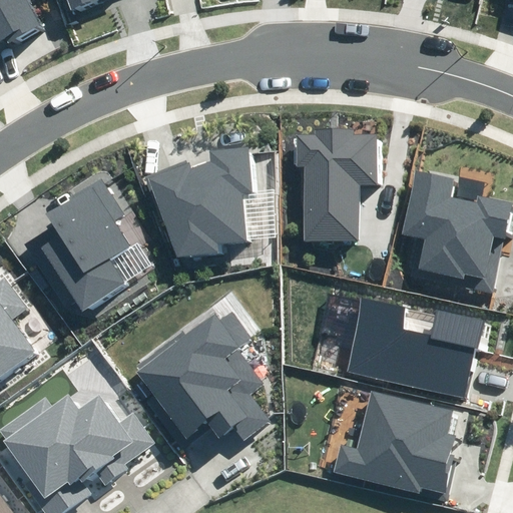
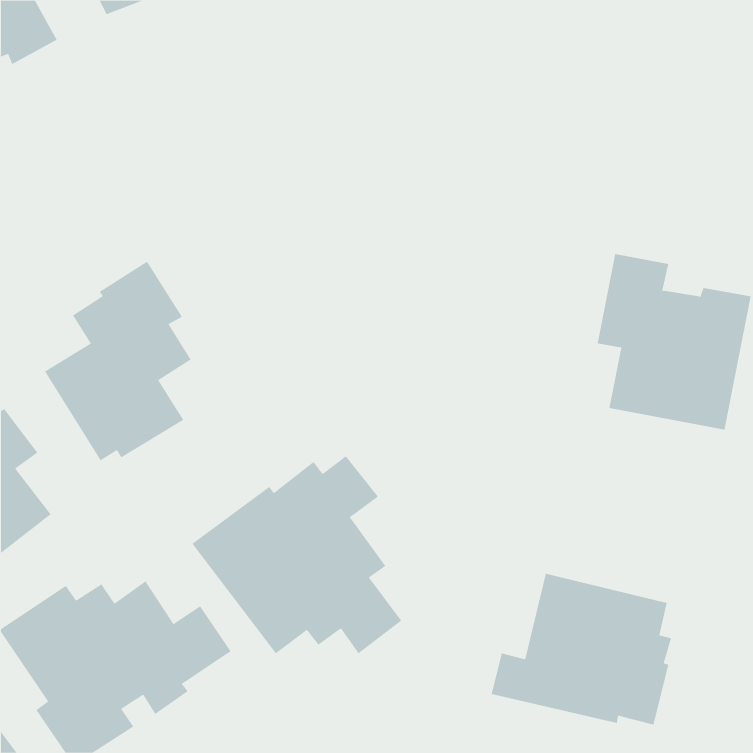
building: [297,128,378,241] -> none
building: [144,146,254,256] -> none
building: [346,299,483,398] -> none

